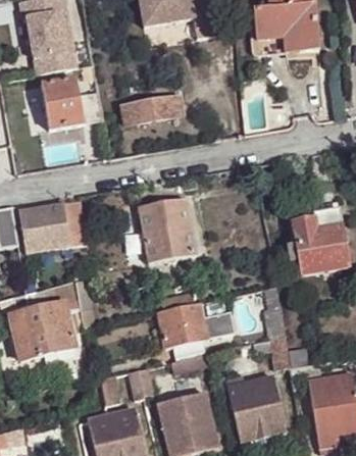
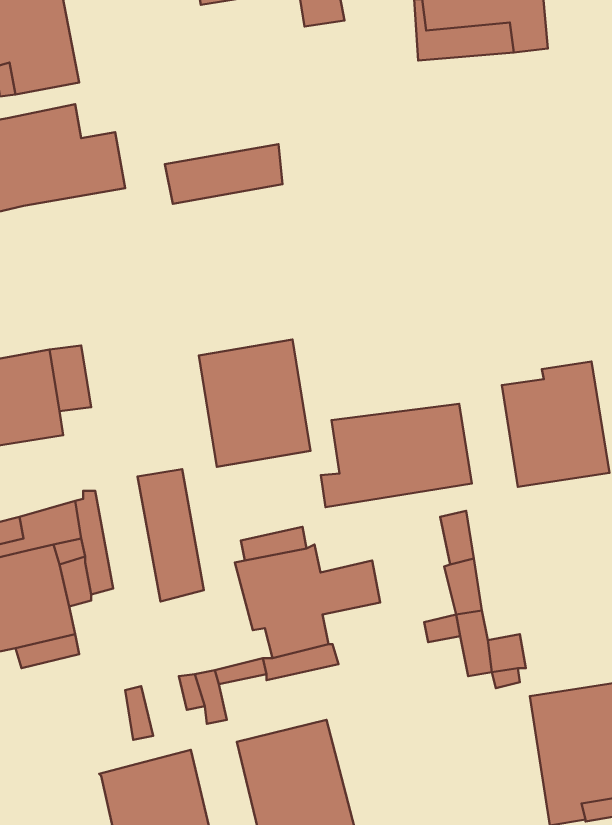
building: none -> [321,404,472,507]
building: none -> [137,469,204,602]
building: [227,375,286,441] -> none

